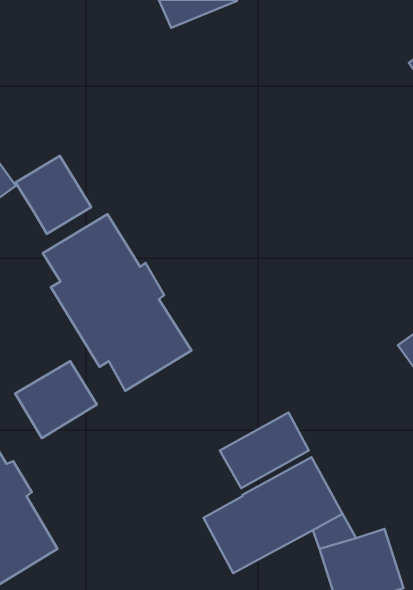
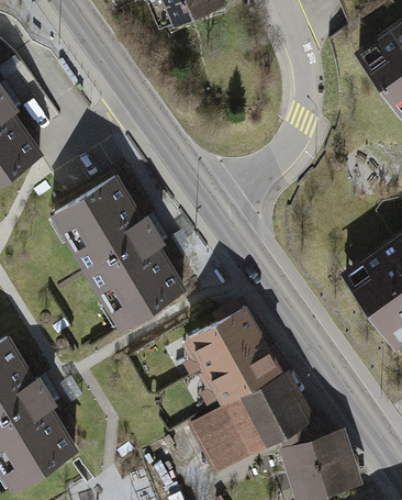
building: [15,156,91,234] -> none
building: [15,361,97,438] -> none
building: none -> [191,309,264,370]

